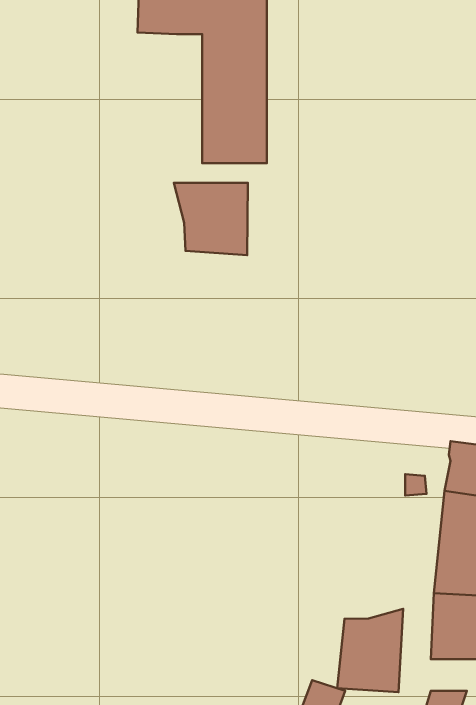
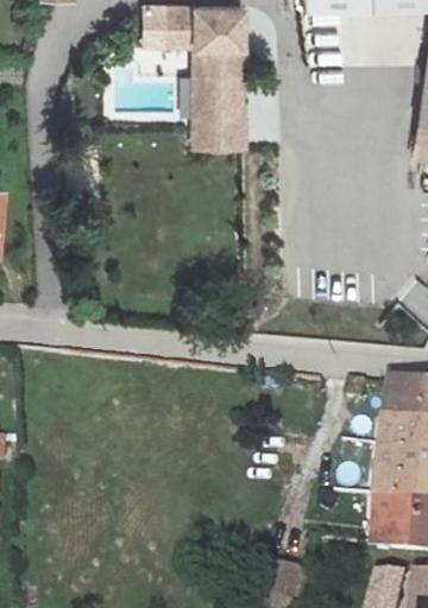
building: [174,183,248,255] -> none
building: [337,609,403,692] -> none

